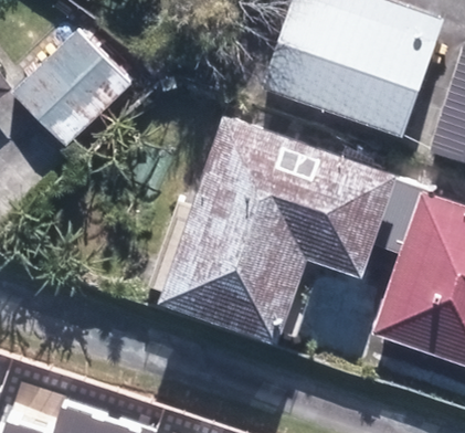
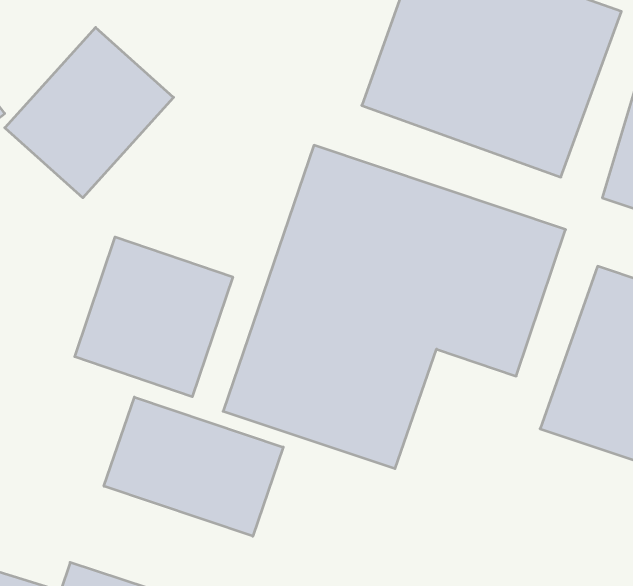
building: none -> [75,237,233,397]
building: none -> [104,397,283,536]

